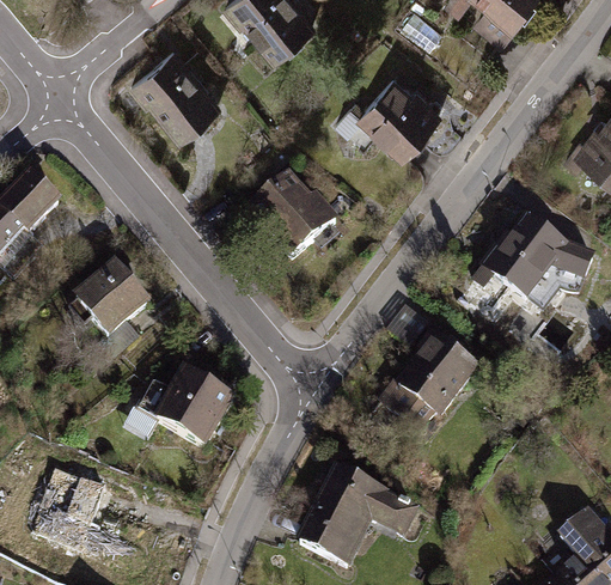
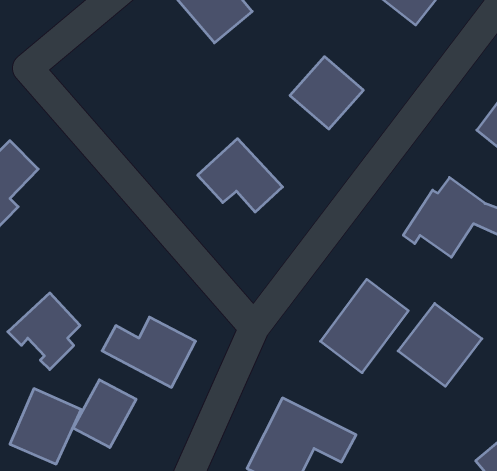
building: [130,44,224,141] -> none
building: [68,260,151,347] -> [8,293,80,370]
building: none -> [398,303,482,386]
building: none -> [73,380,136,448]

